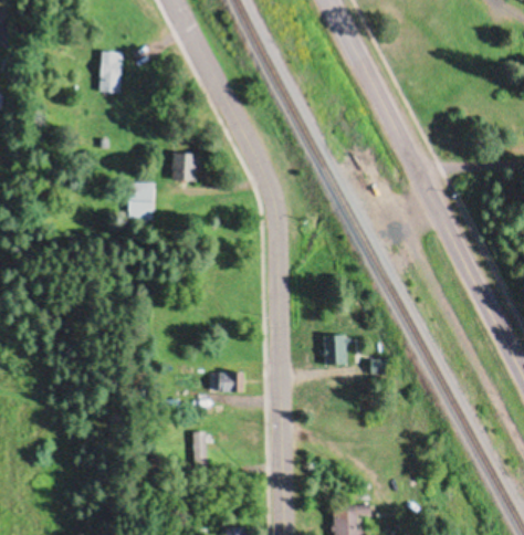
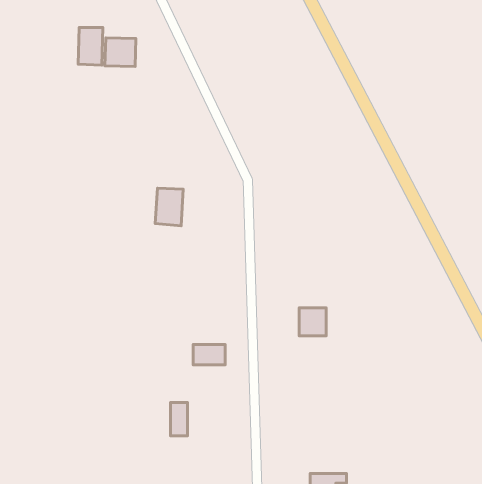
building: none -> [105,38,136,67]
building: [172,149,197,177] -> none
building: [124,179,153,218] -> [155,188,183,226]

